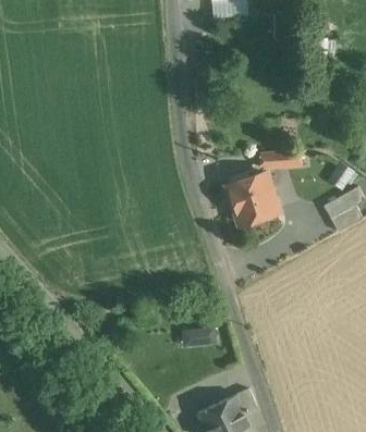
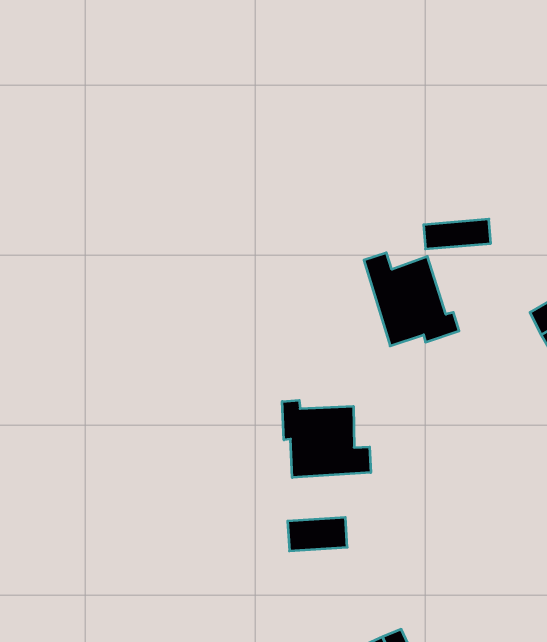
building: none -> [282,400,371,478]

